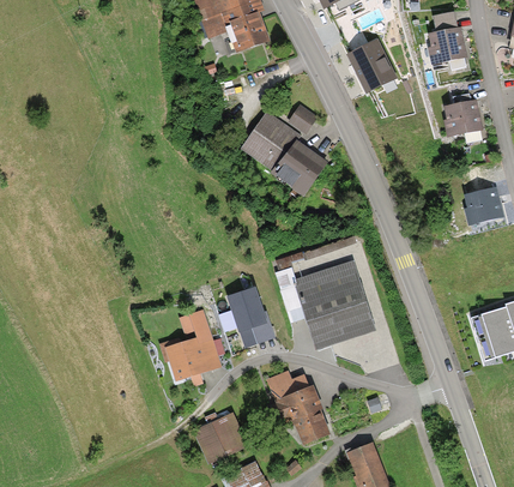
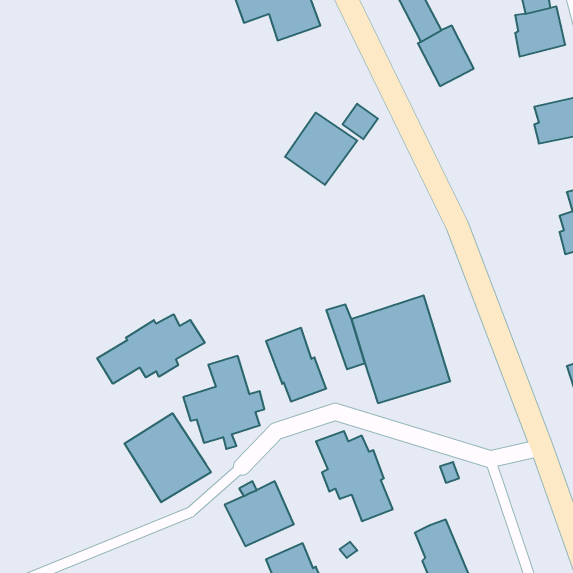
building: [272,139,327,196] -> none
building: none -> [97,314,205,384]
building: none -> [124,413,211,502]

